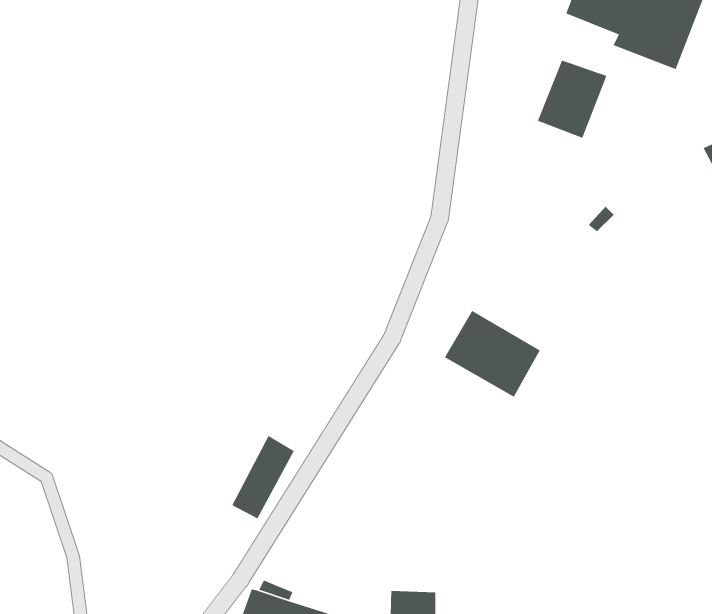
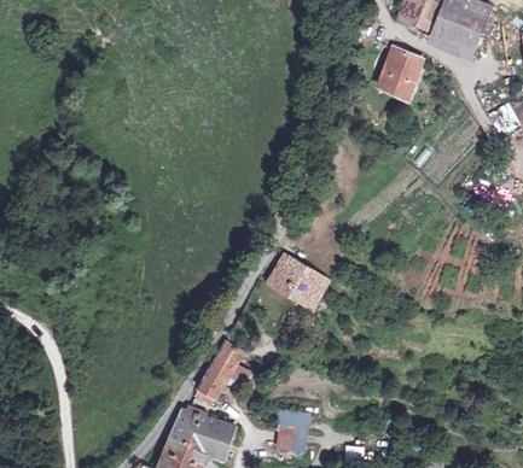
building: [444,310,541,398] -> [265,251,331,311]
building: [231,435,295,519] -> [197,341,240,399]

